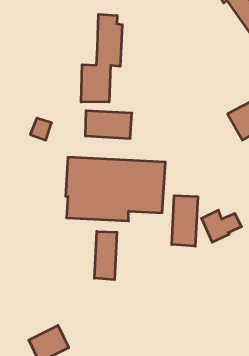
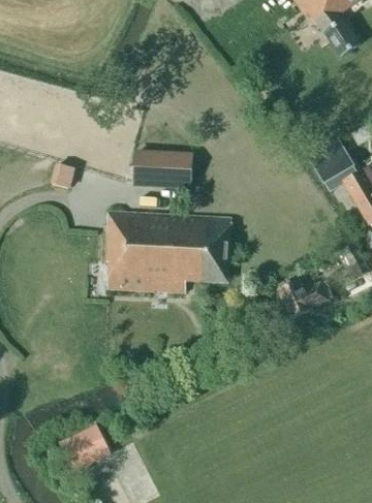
building: [81,14,122,102] -> none
building: [172,196,198,246] -> none
building: [94,231,117,280] -> none

